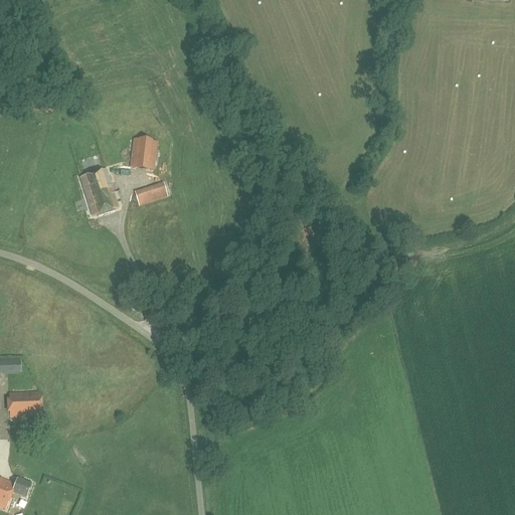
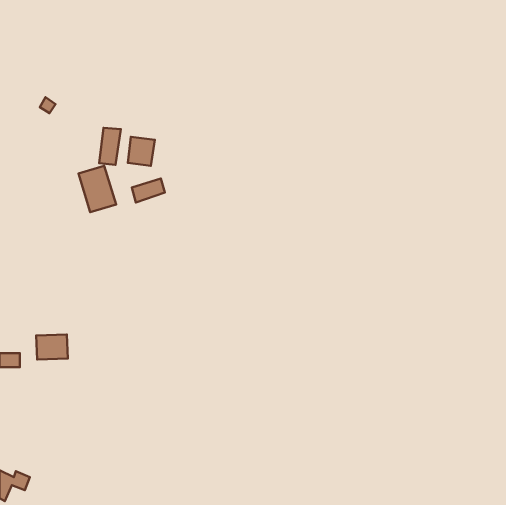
building: none -> [99,128,121,165]
building: [8,391,40,416] -> [36,335,68,359]

